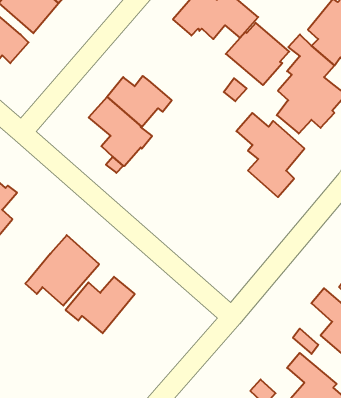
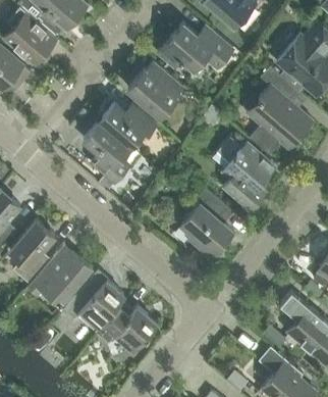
building: [226,23,289,85] -> [127,61,183,116]
building: none -> [180,188,233,256]
building: none -> [10,220,55,284]
building: none -> [99,303,157,353]

